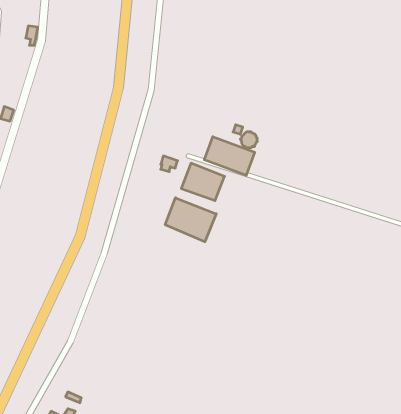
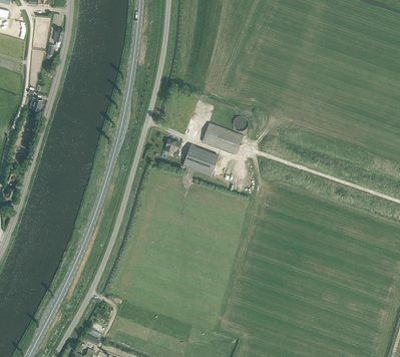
building: [165,198,216,242] -> none

